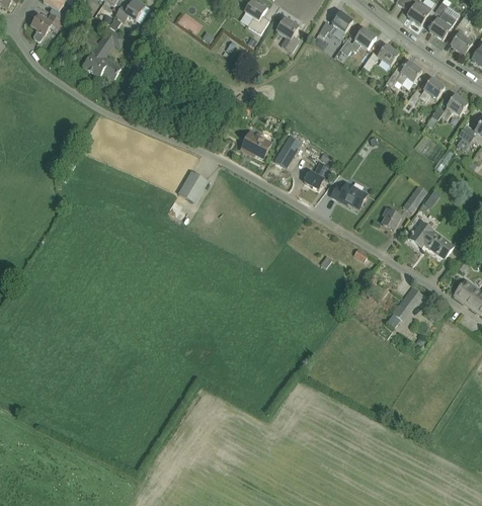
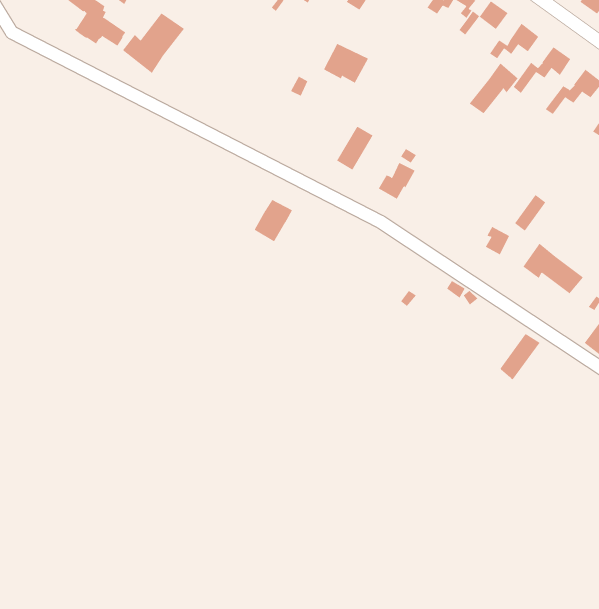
building: none -> [122,12,185,74]
building: none -> [469,63,519,114]
building: [240,131,273,160] -> [323,43,369,83]
building: [178,171,207,202] -> [254,199,293,242]
building: [330,182,367,208] -> none

